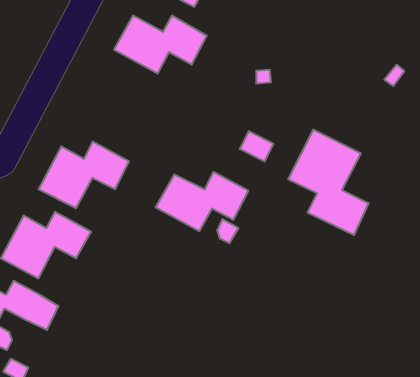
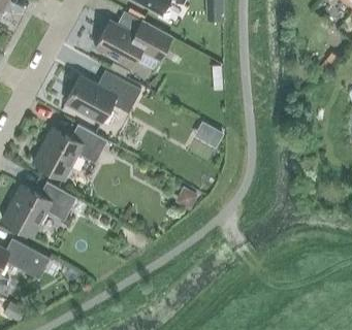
building: [288,130,369,235] -> none
building: [155,172,248,231] -> [65,74,141,123]

